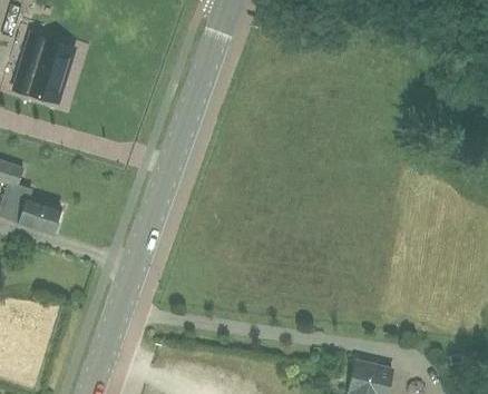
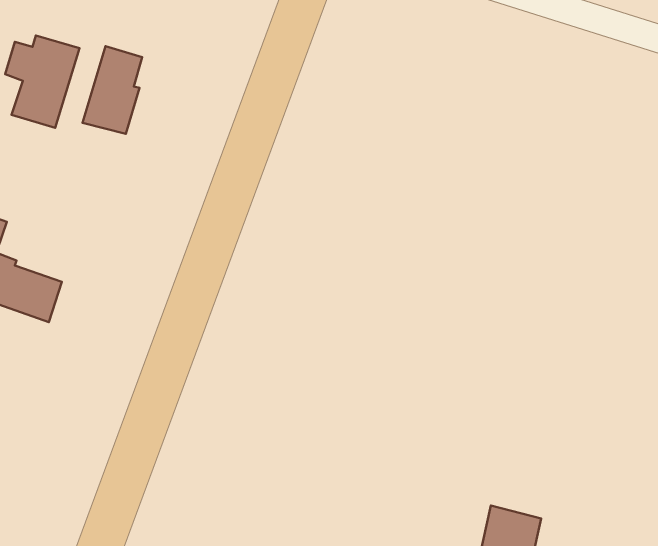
building: none -> [82,46,142,134]

